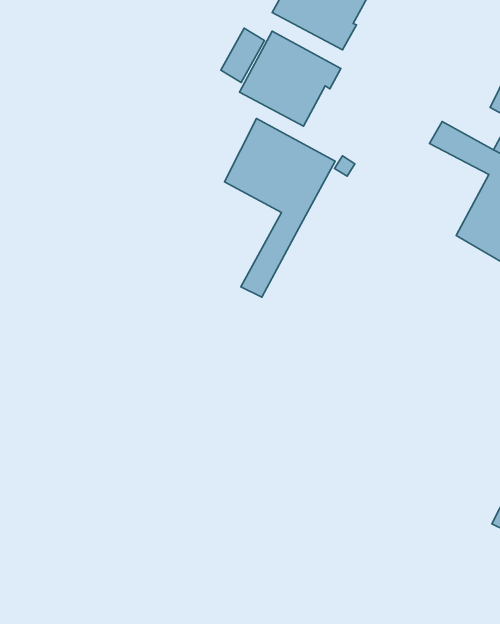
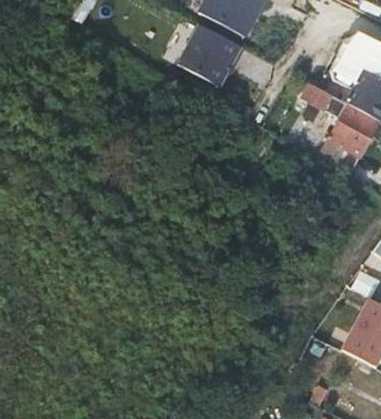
building: [224,119,335,297] -> none

